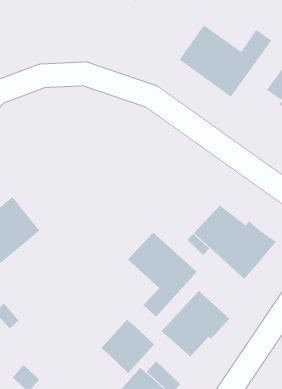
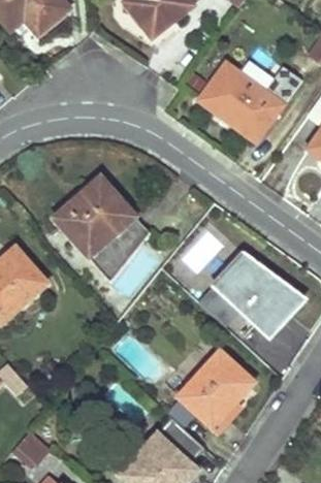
building: none -> [56,183,149,280]
building: [127,232,198,318] -> none
building: [100,319,155,374] -> none

